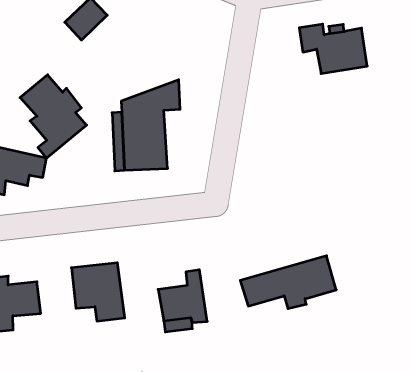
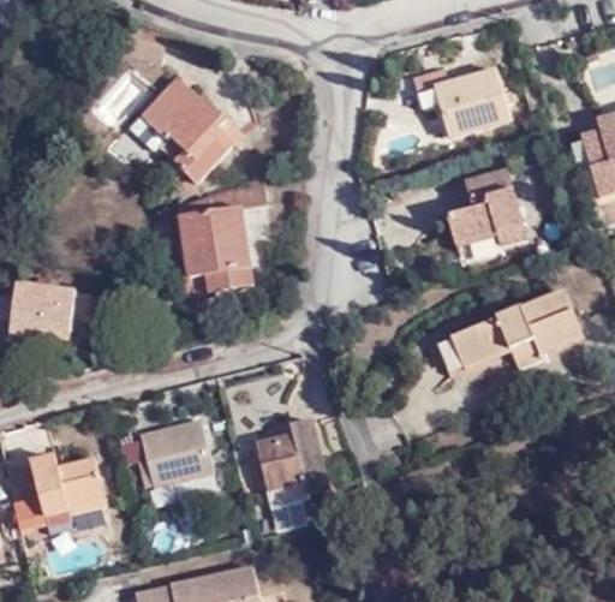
building: [20,75,87,158] -> [142,81,235,193]
building: none -> [449,168,529,246]
building: [240,256,336,309] -> [450,293,581,372]

